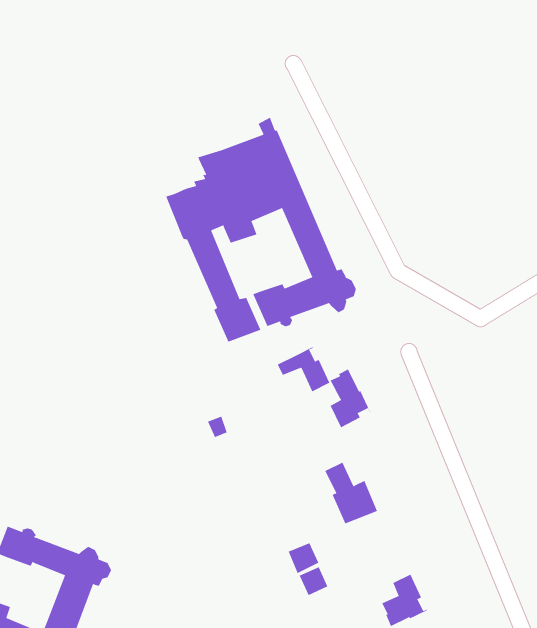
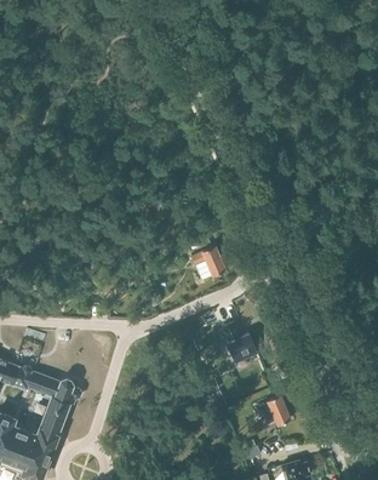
building: [165,117,356,342] -> none
building: [330,368,371,428] -> none

